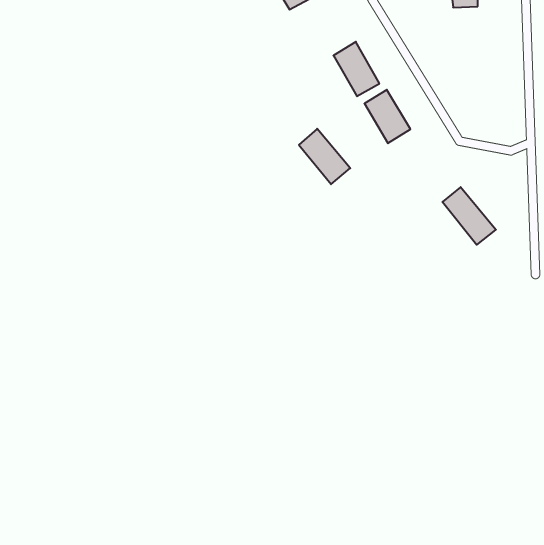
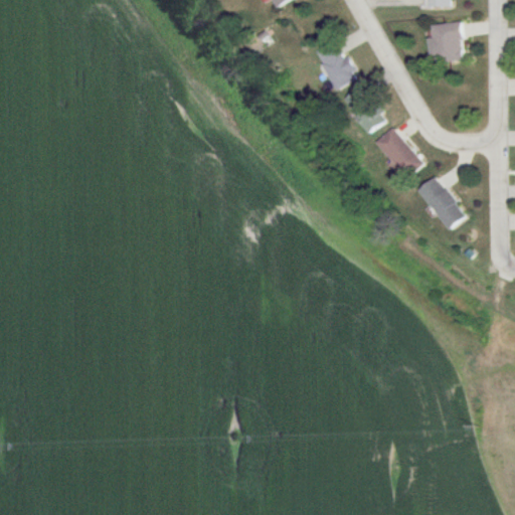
building: none -> [432,22,464,62]
building: [299,129,350,184] -> [375,128,423,180]

